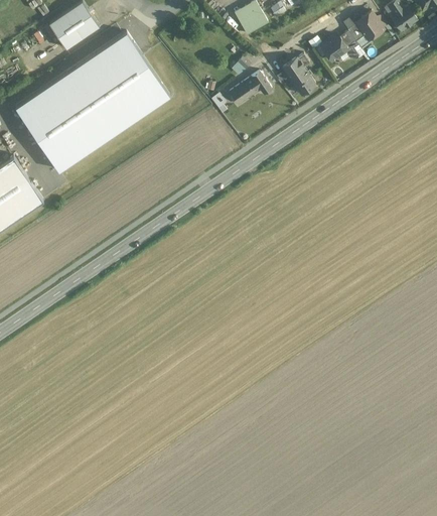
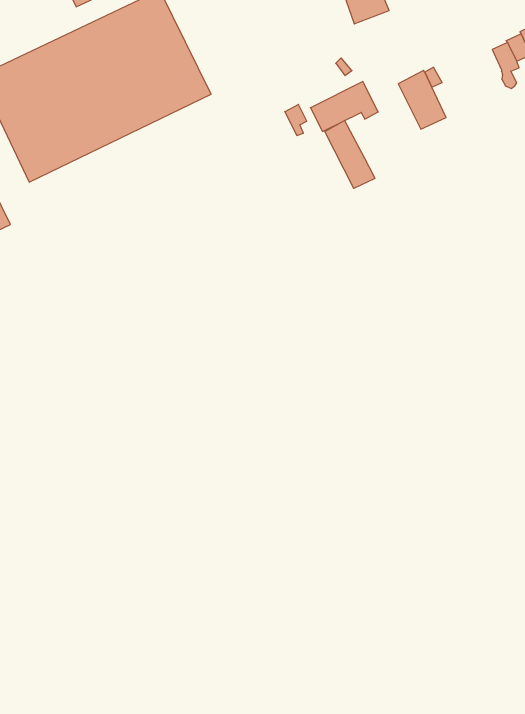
building: [321,35,348,61] -> none
building: none -> [325,120,375,188]

